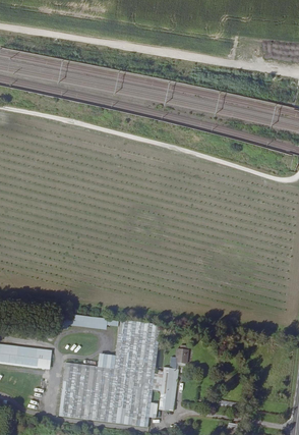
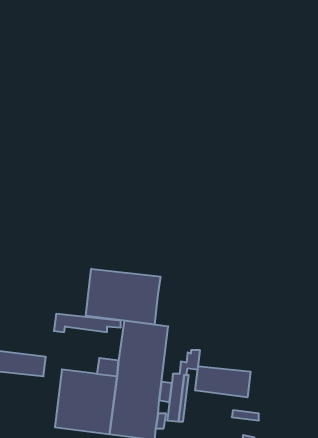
building: none -> [86,269,160,325]
building: none -> [195,366,251,397]

